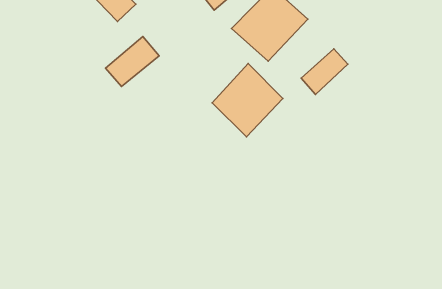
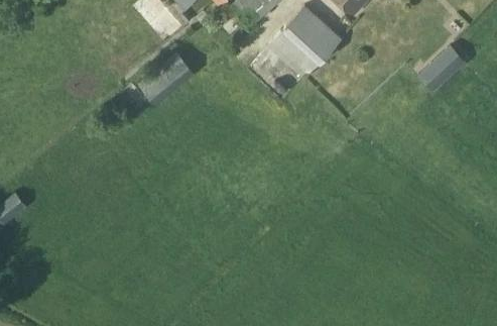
building: [301,49,348,95] -> [417,47,464,93]
building: [212,64,283,137] -> none

